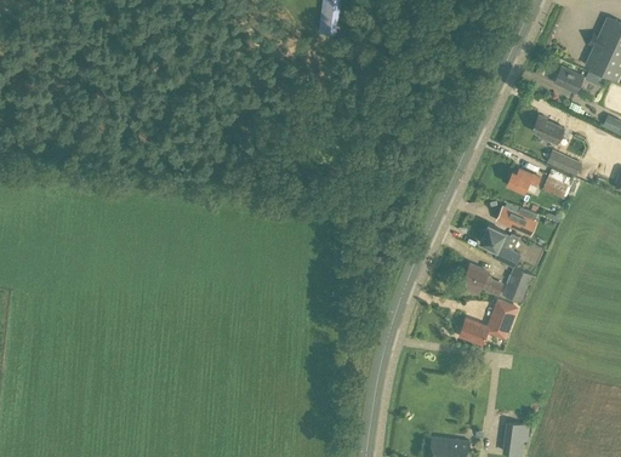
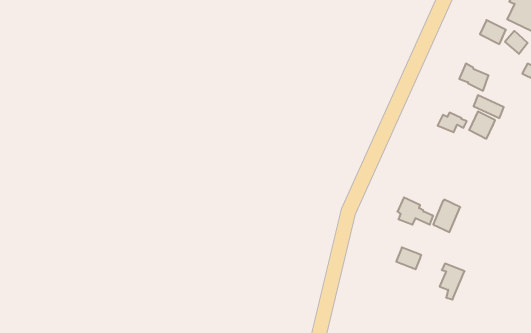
building: [496,201,537,235] -> none
building: [478,223,520,267] -> none
building: [491,298,519,338] -> [440,264,465,300]

